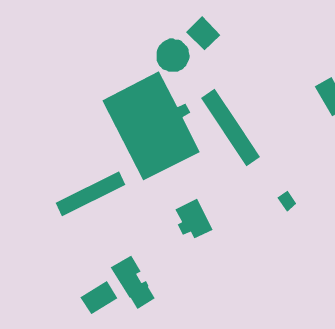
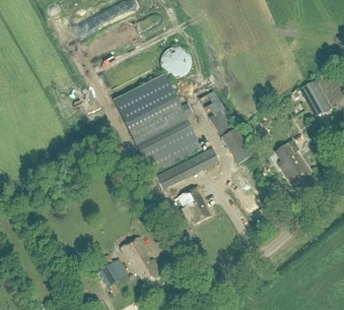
building: [185,15,221,51] -> none
building: none -> [276,139,312,184]
building: [54,170,126,218] -> [156,147,219,189]

